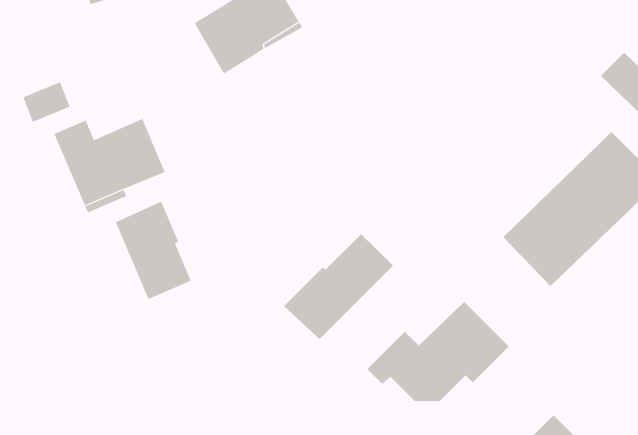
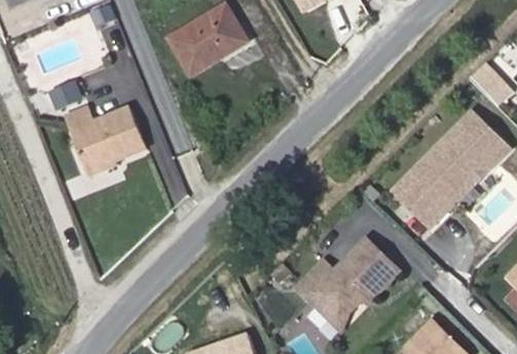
building: [115,201,191,300] -> none
building: [283,233,394,340] -> none

